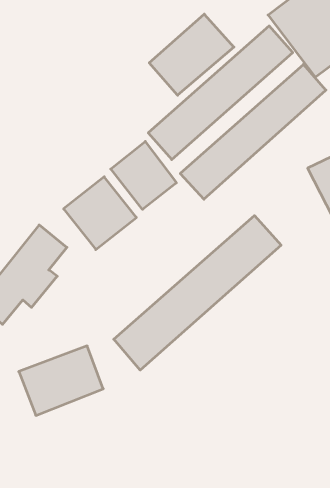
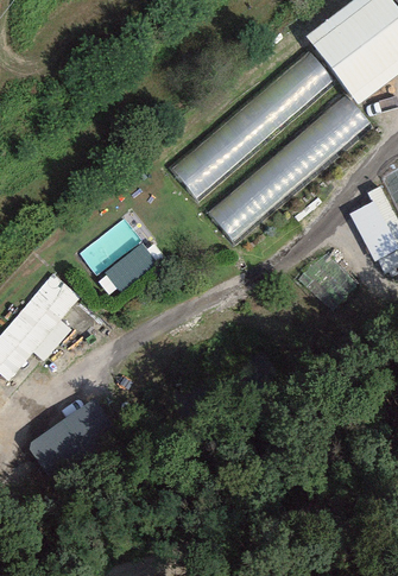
building: [149,14,234,95] -> none
building: [111,141,176,209] -> none
building: [114,216,281,370] -> none

